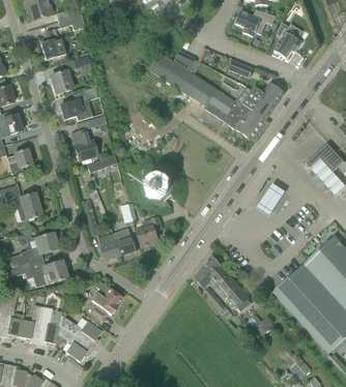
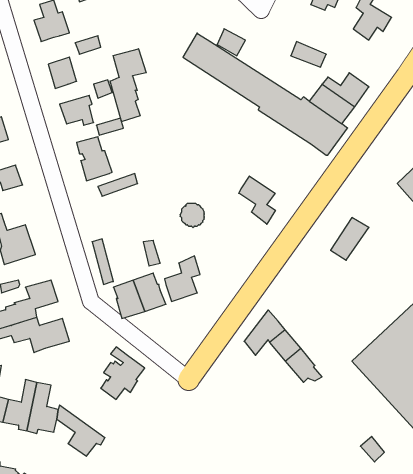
building: none -> [110,49,146,121]
building: none -> [239,176,275,224]
building: [59,315,100,348] -> none

